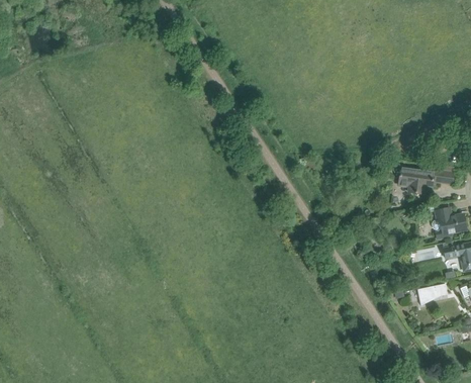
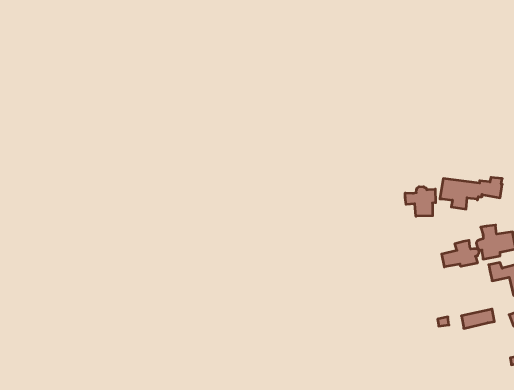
building: none -> [405,187,436,216]
building: none -> [442,240,479,267]

